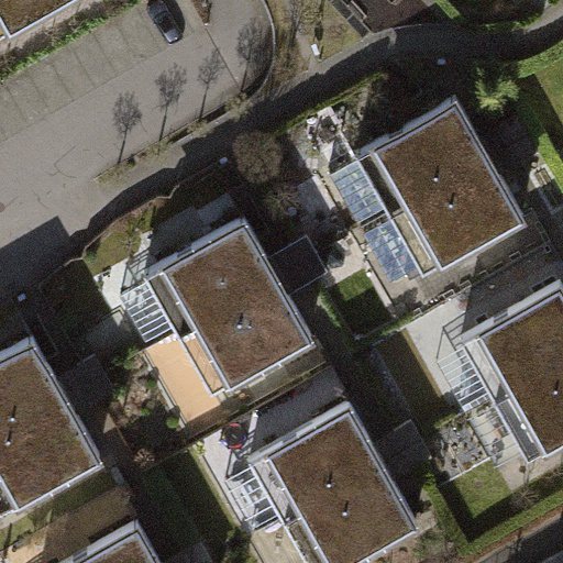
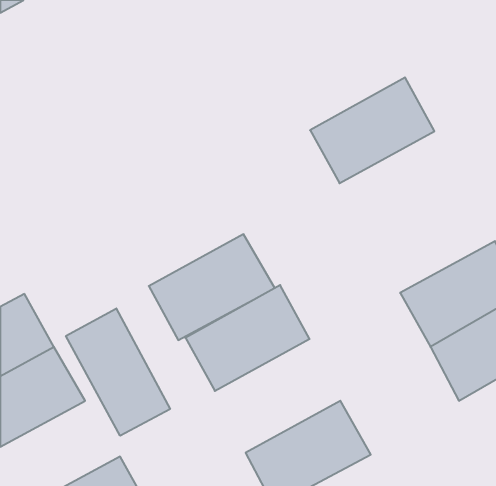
building: [386,164,528,283] -> none
building: [139,219,278,338] -> none
building: none -> [66,308,170,436]
building: [247,406,387,525] -> [185,285,310,391]

